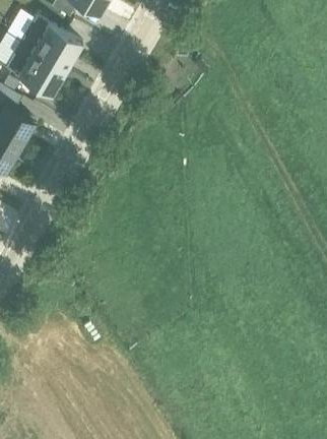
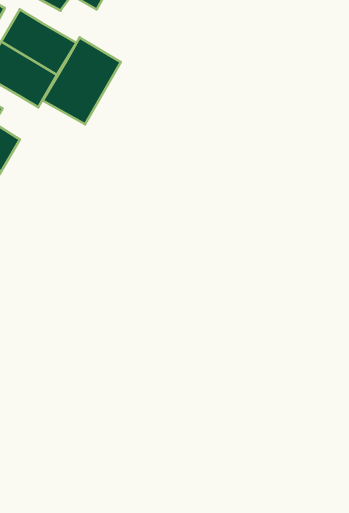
building: none -> [43,37,121,124]

